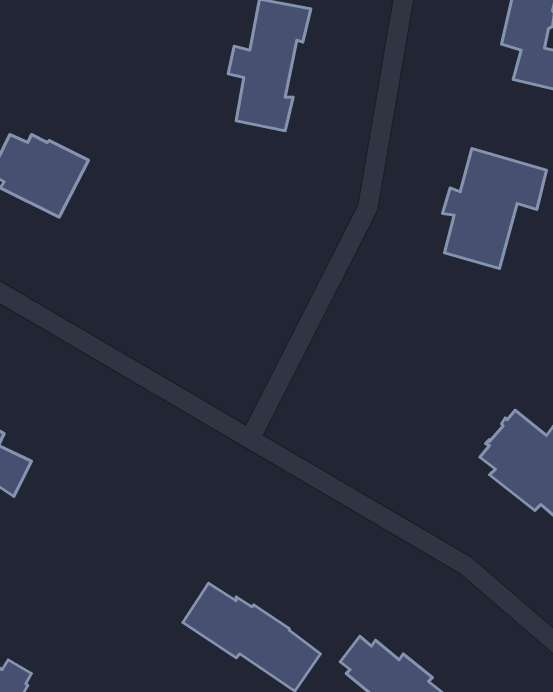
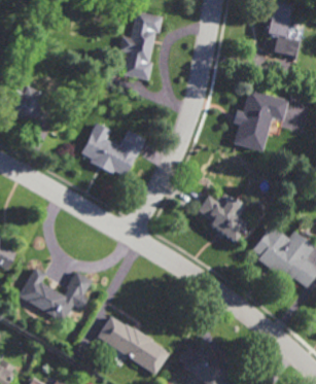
building: none -> [82,124,144,177]
building: none -> [198,191,248,243]
building: none -> [20,270,93,323]

